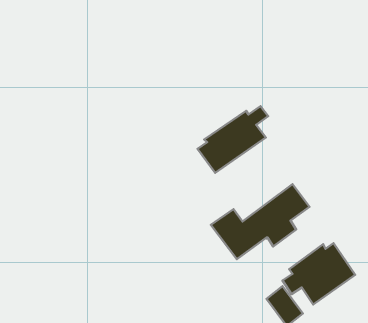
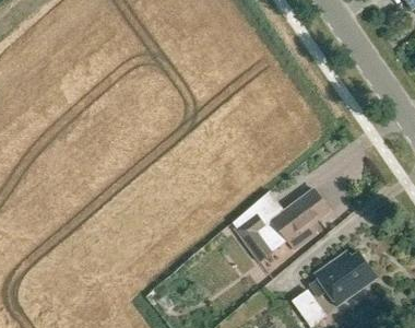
building: [198,106,268,173] -> none

